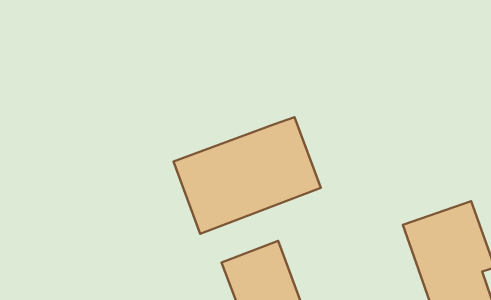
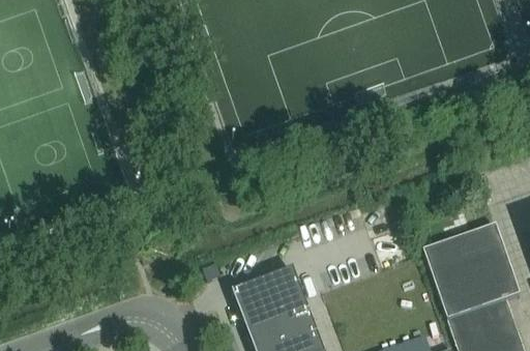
building: [173,117,321,234] -> none

